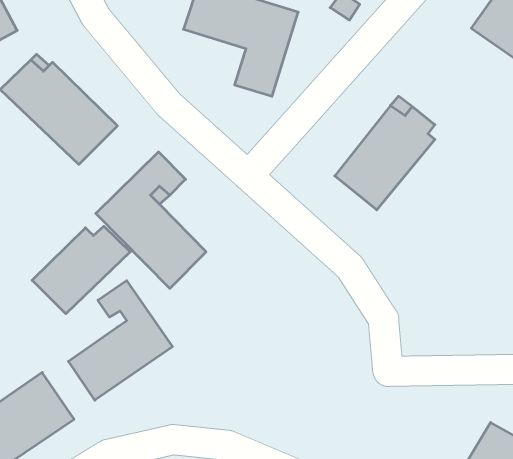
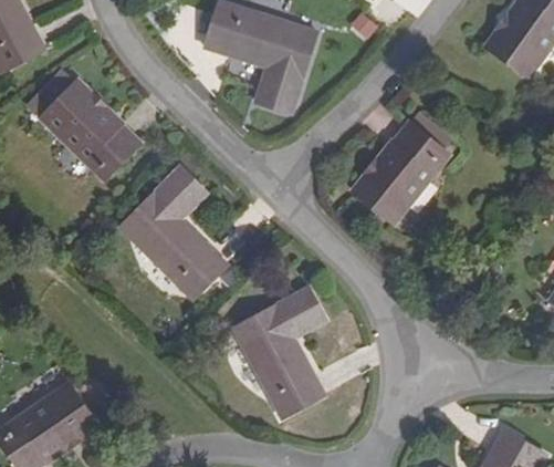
building: [32,226,130,314] -> none
building: none -> [233,288,325,417]
building: [68,281,172,400] -> none

